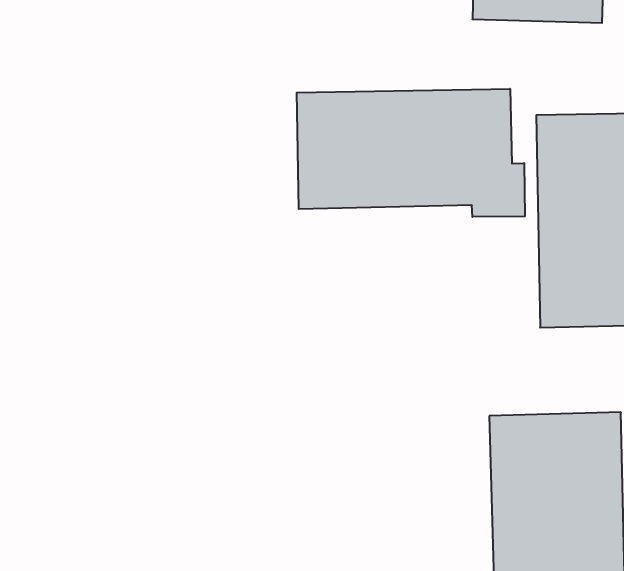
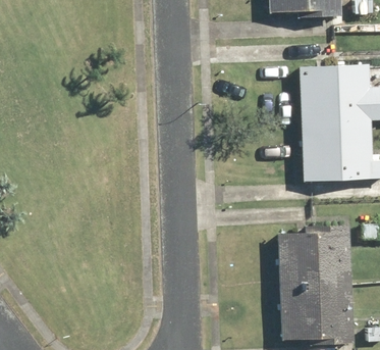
building: [297,89,525,217] -> none

